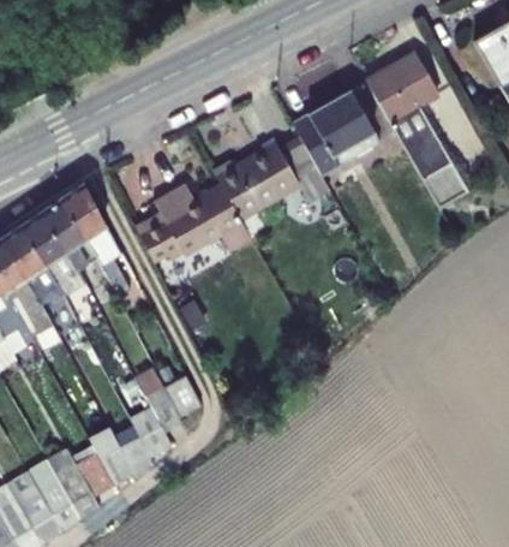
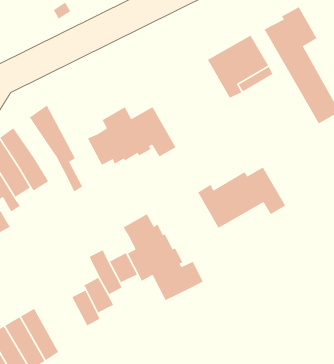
building: [214,137,330,219] -> [197,166,286,229]
building: [38,198,106,277] -> none
building: none -> [122,213,204,301]
building: [89,427,134,483] -> none

